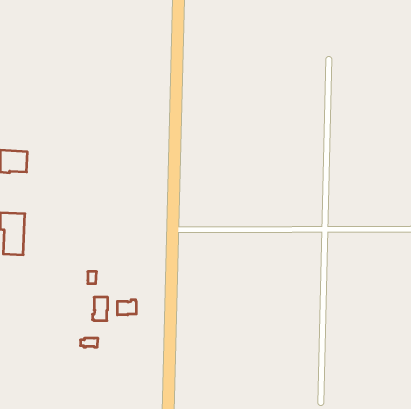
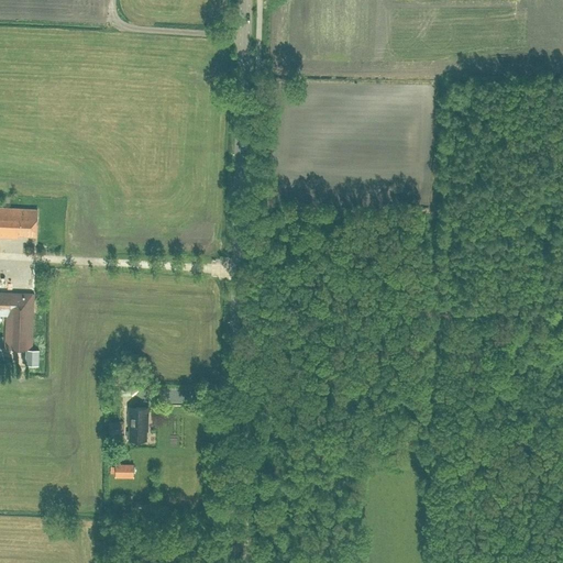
building: [117,300,136,315] -> none

